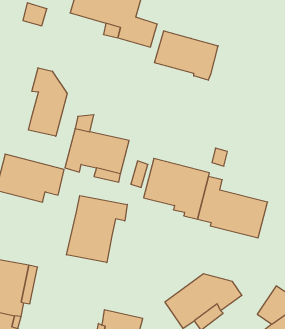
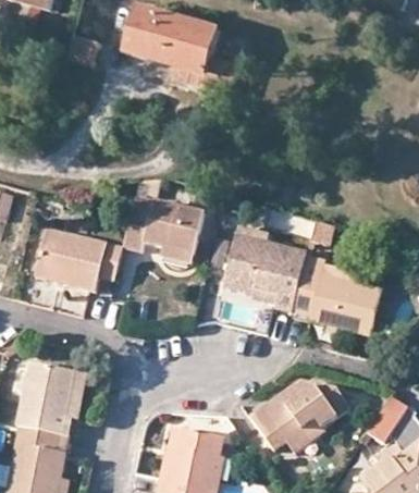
building: [154,31,218,80] -> none
building: [29,68,67,136] -> none
building: [67,196,127,263] -> none

